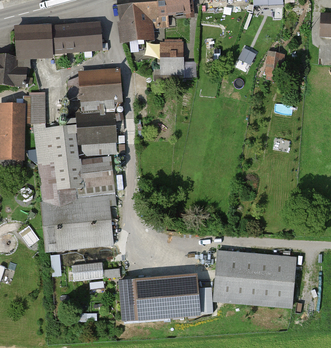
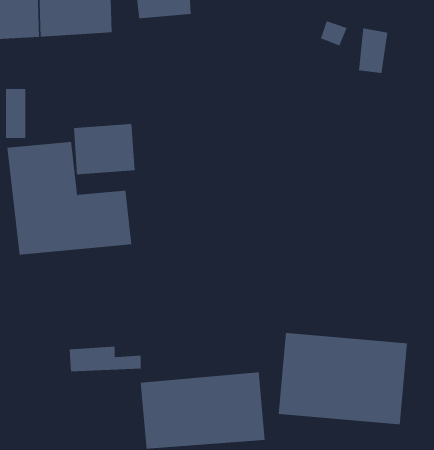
building: [159,40,183,73] -> none
building: [78,68,122,103] -> none
building: [41,194,114,253] -> none

